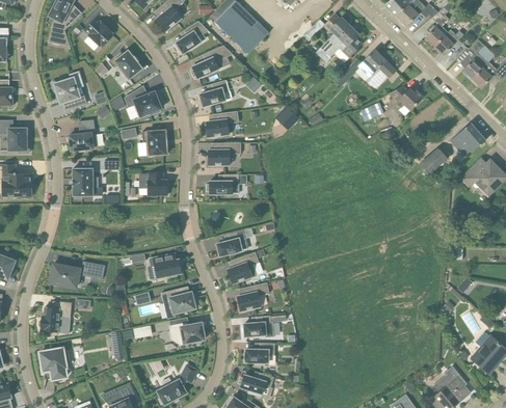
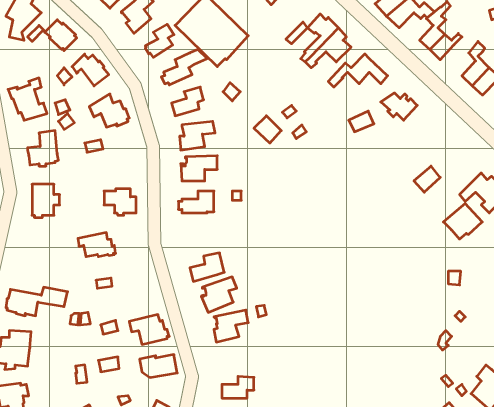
building: [450,124,485,156] -> [443,204,482,239]
building: [142,130,167,156] -> none
building: [149,253,183,275] -> [78,233,116,257]
building: [242,316,271,336] -> none

